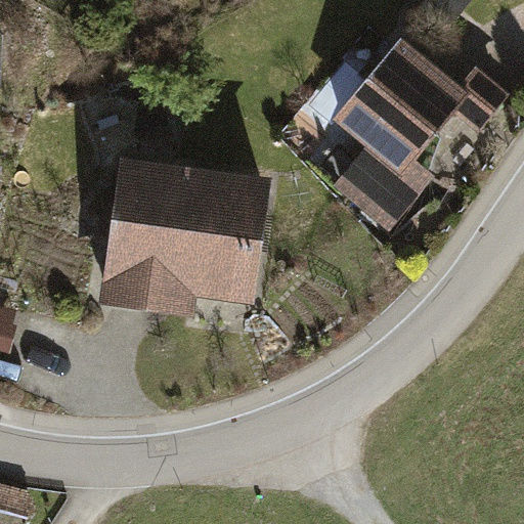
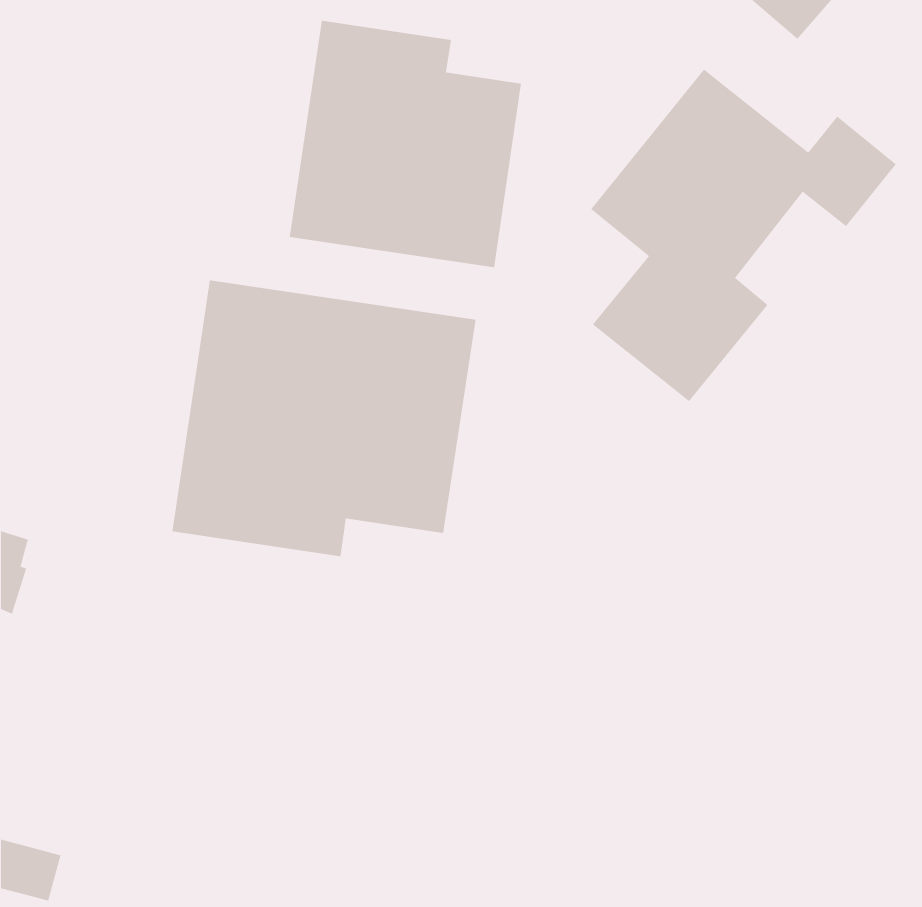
building: none -> [289,20,522,268]

